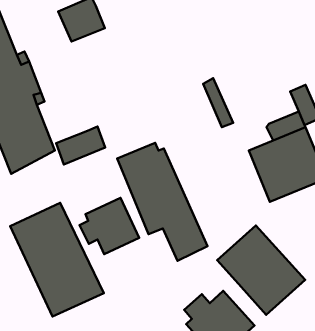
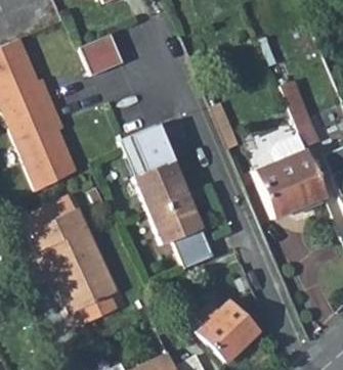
building: [56,127,105,164] -> [120,122,165,156]
building: [79,198,139,254] -> none
building: [217,225,305,315] -> none

